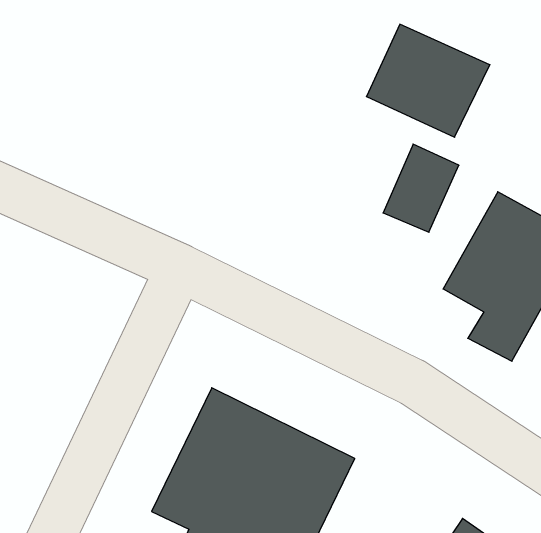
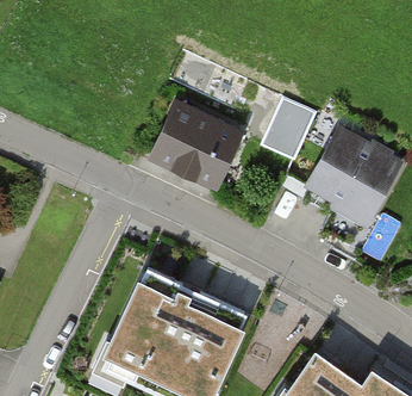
building: [366,24,490,137] -> [152,106,236,182]

